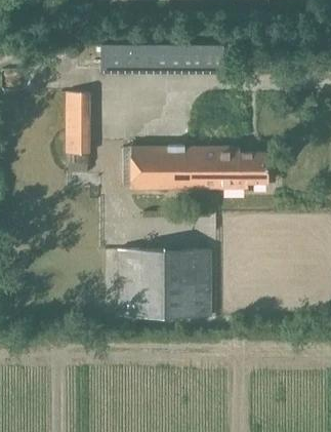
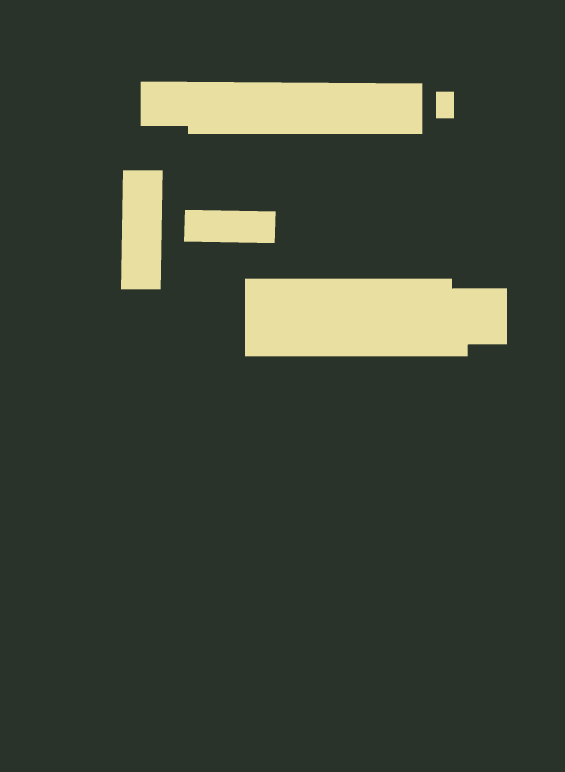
building: none -> [184,209,276,244]
building: [118,248,211,314] -> none

